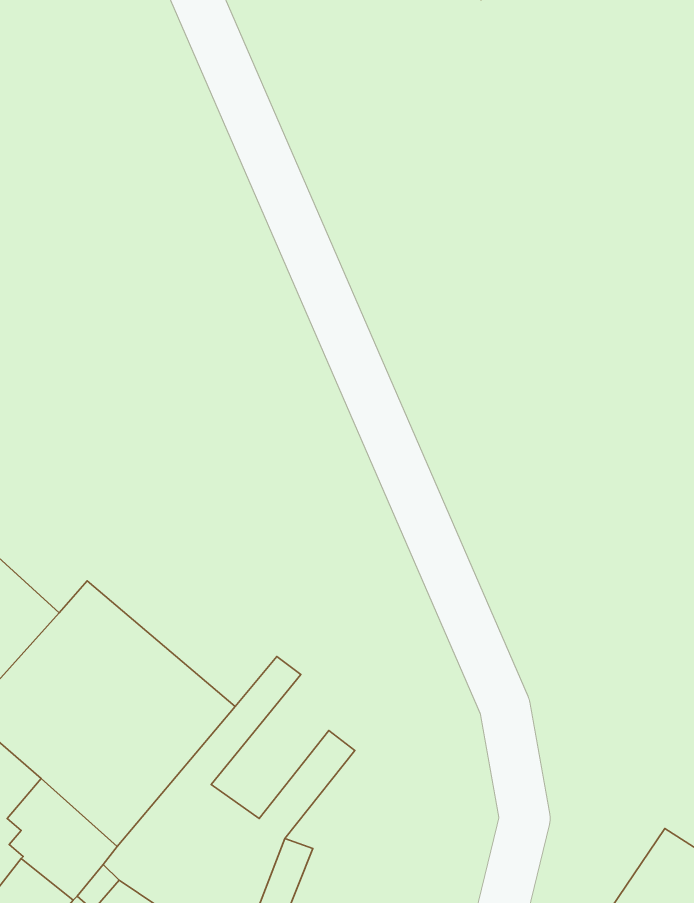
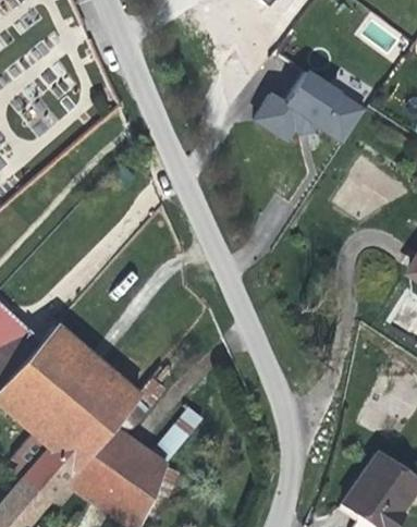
building: none -> [254,69,363,140]

